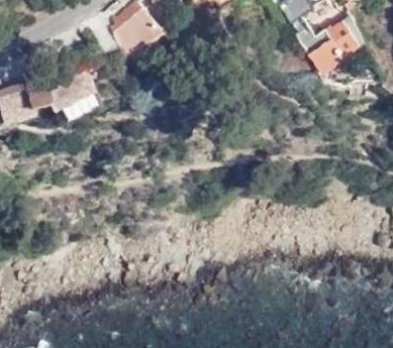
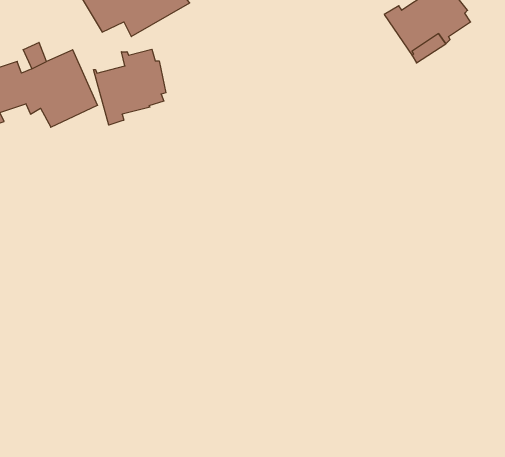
building: none -> [94,49,166,125]

